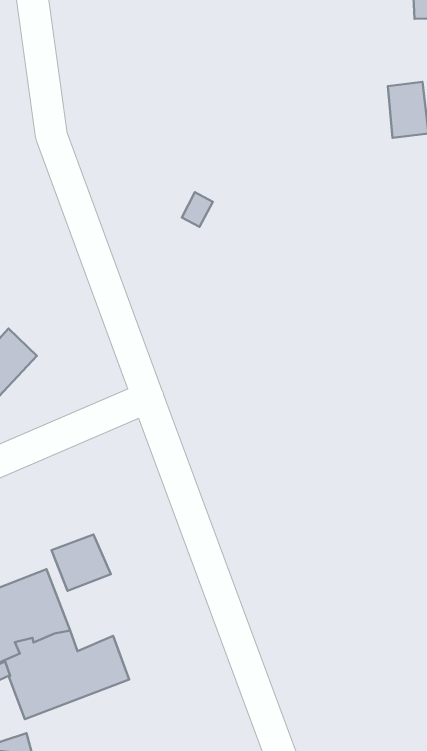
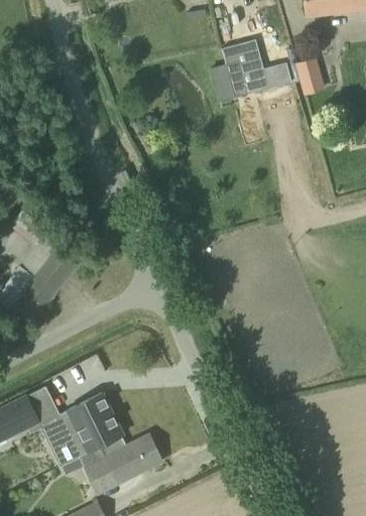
building: none -> [208,39,291,102]
building: [52,534,111,591] -> none

